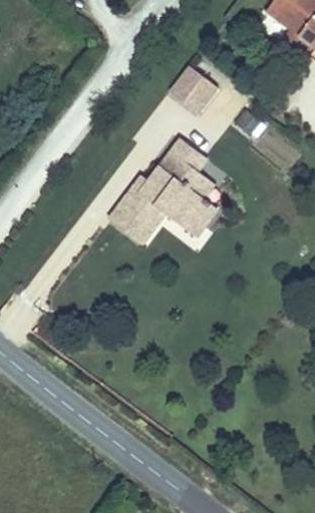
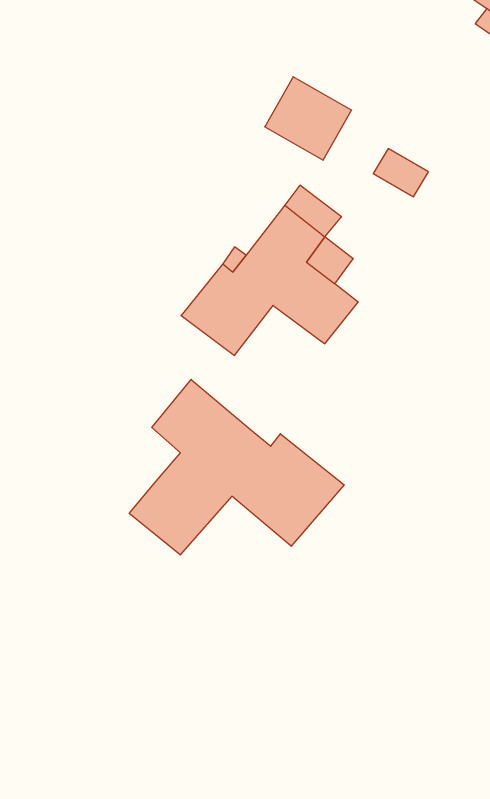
building: none -> [129,379,344,555]

